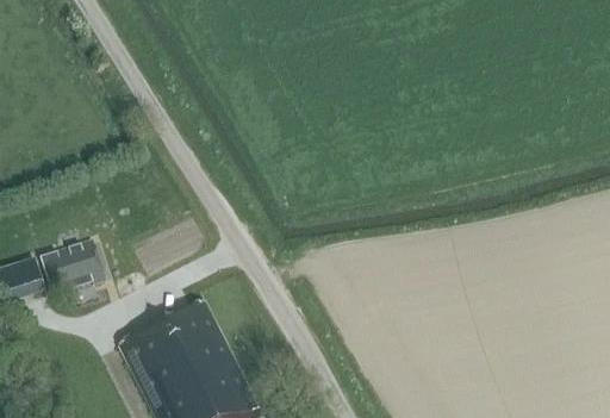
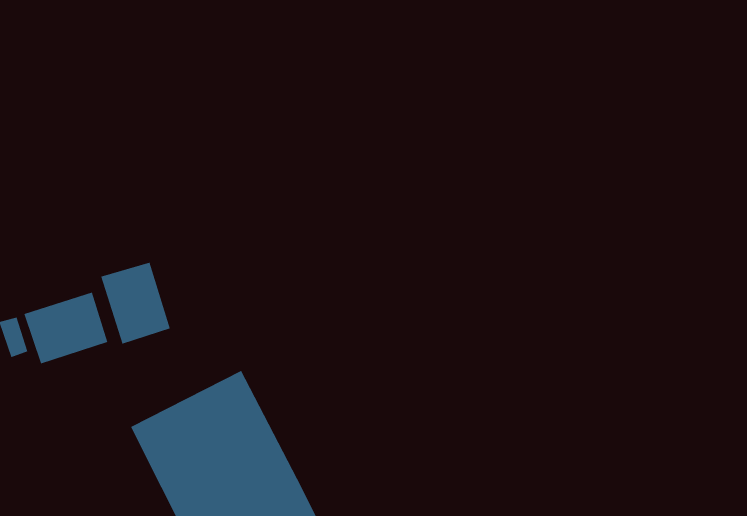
building: none -> [100,262,171,344]

